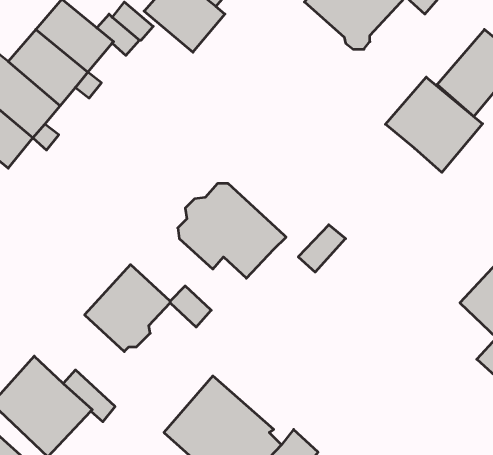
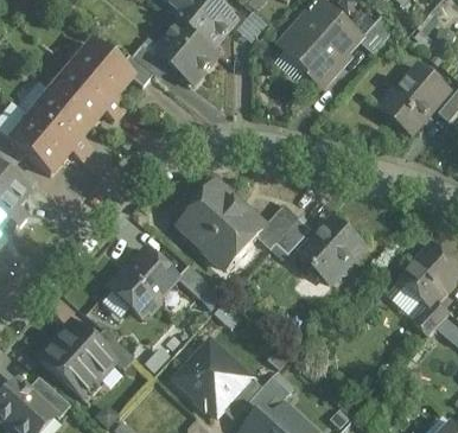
building: [385,77,483,172] -> none
building: none -> [256,202,299,248]
building: none -> [299,216,364,281]

